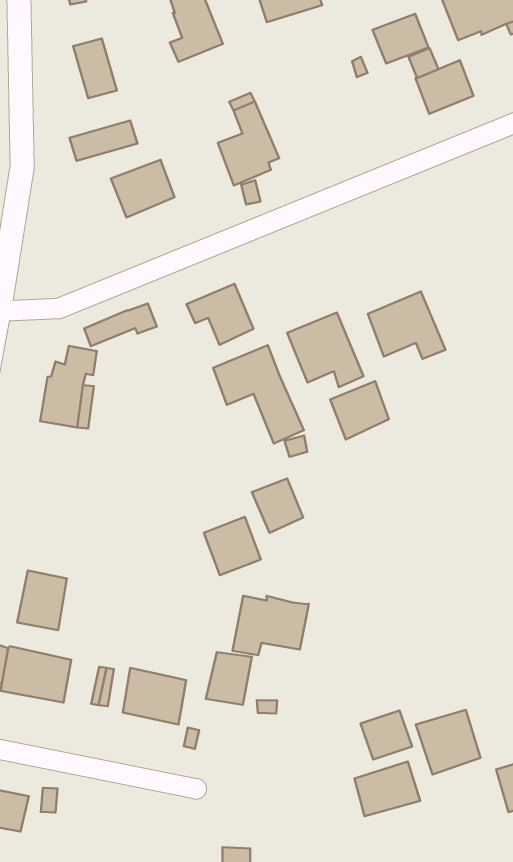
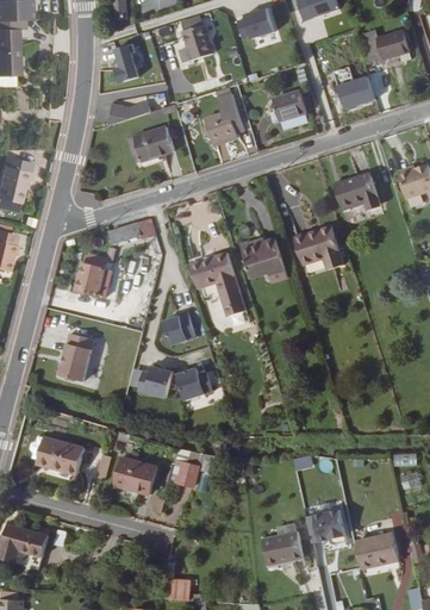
building: [372,14,429,64] -> [272,89,307,120]
building: none -> [334,172,380,210]
building: [186,284,254,345] -> none
building: [330,381,389,439] -> none
building: [252,479,303,533] -> [163,313,195,348]
building: none -> [137,362,173,397]
building: [17,570,67,630] -> [57,341,92,381]
building: [233,596,309,655] -> none
building: [361,710,412,759] -> none

